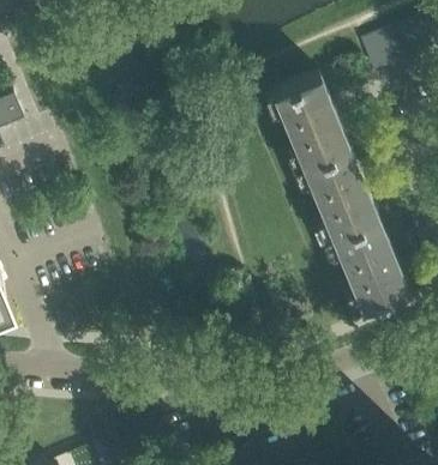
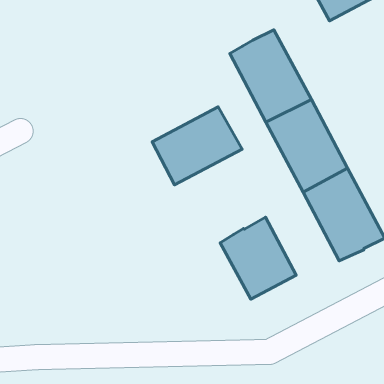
building: none -> [152,107,242,185]
building: none -> [220,217,296,299]

